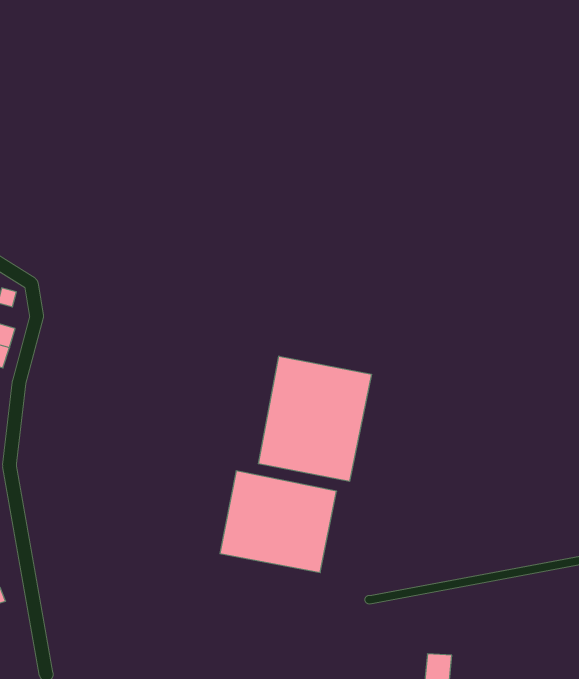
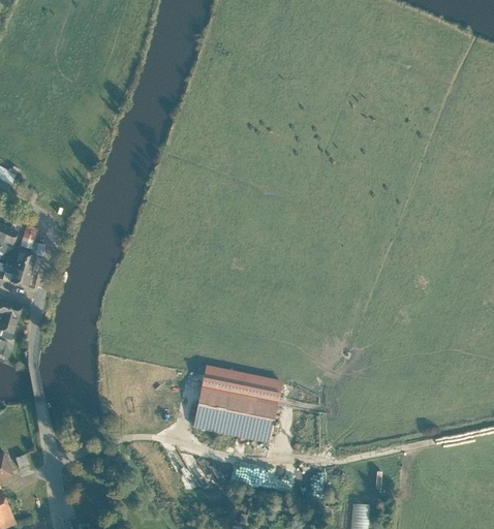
building: [258,356,371,481] -> none

